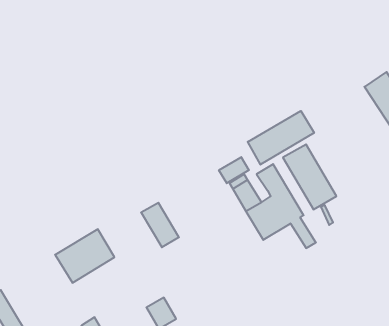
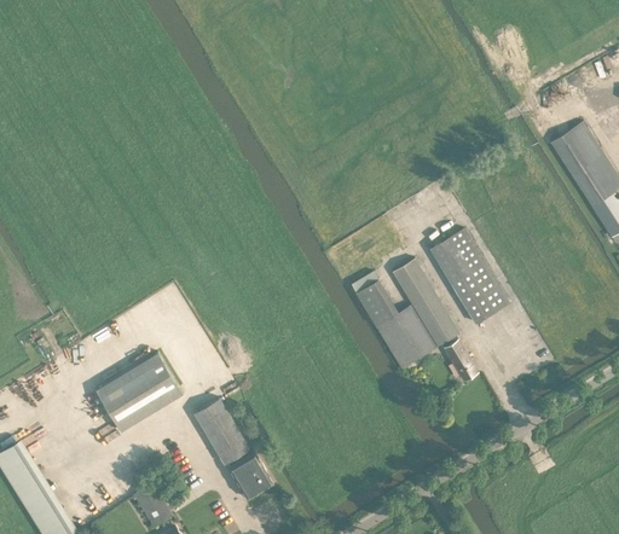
building: [248,111,314,165] -> none
building: [219,157,249,183] -> none
building: [141,203,179,247] -> [195,399,250,464]

